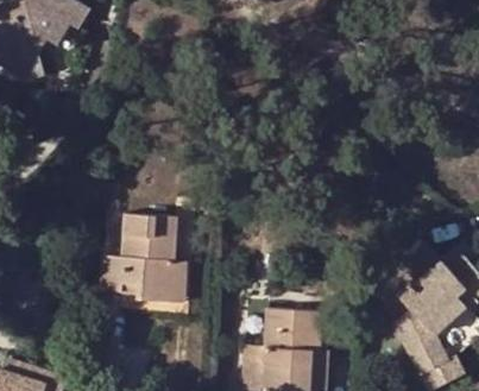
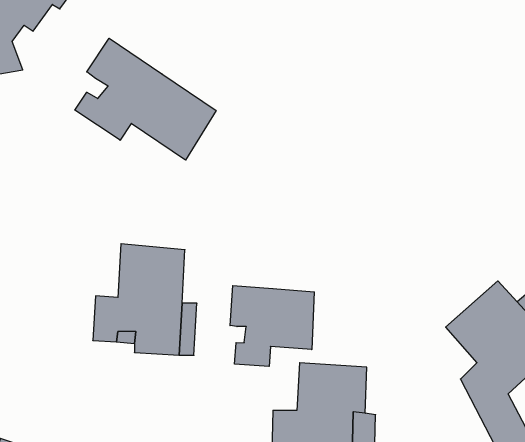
building: none -> [75,38,216,160]
building: none -> [230,286,314,366]

